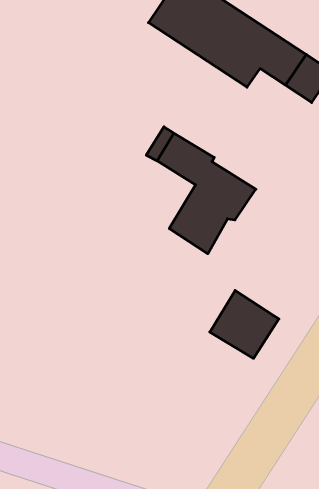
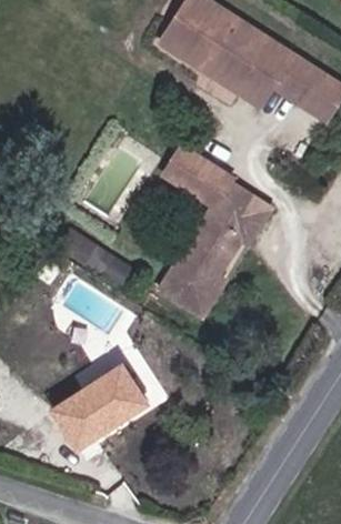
building: [210,290,279,358] -> [156,251,225,320]
building: none -> [57,363,149,443]

